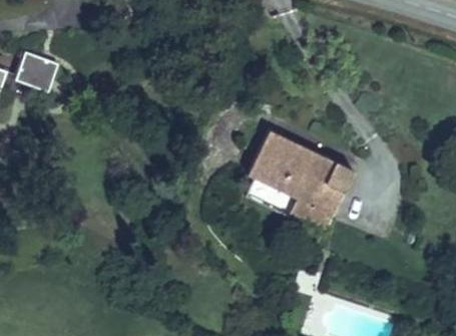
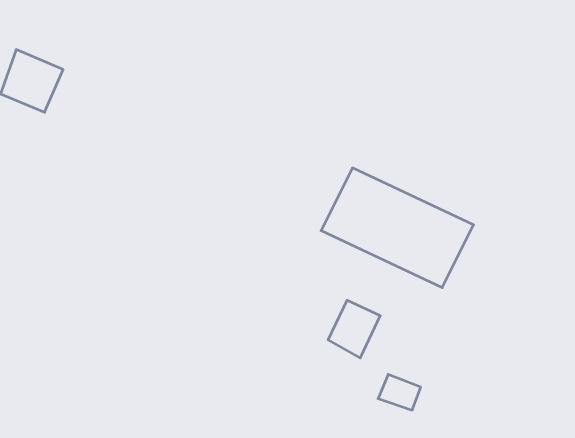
building: none -> [328,300,380,358]

